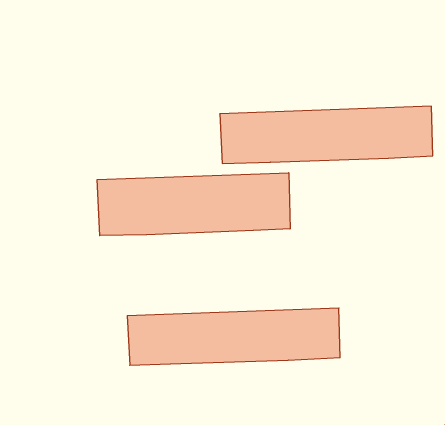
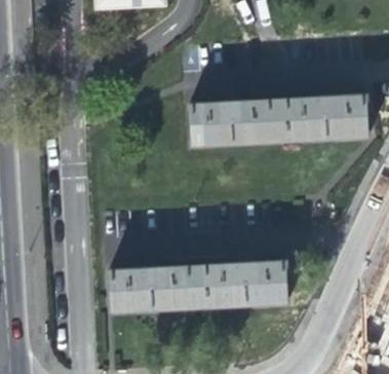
building: [97,173,290,236] -> none

